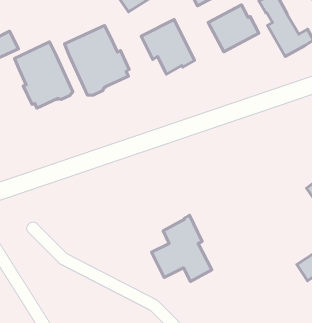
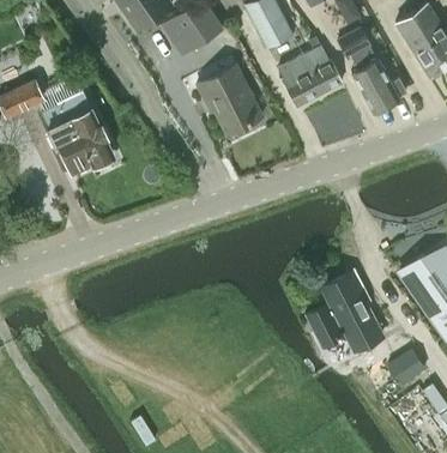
building: [64,25,129,95] -> none
building: [151,215,212,282] -> [308,270,382,351]

